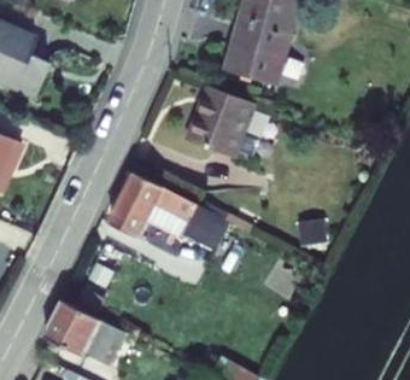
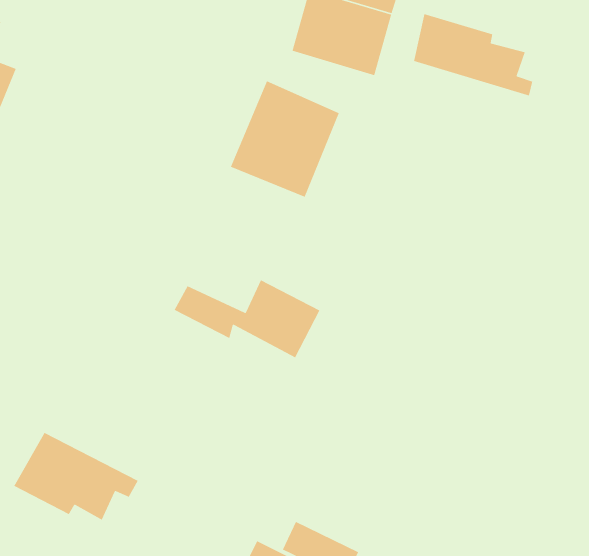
building: none -> [413,13,533,97]
building: [111,170,201,235] -> none

